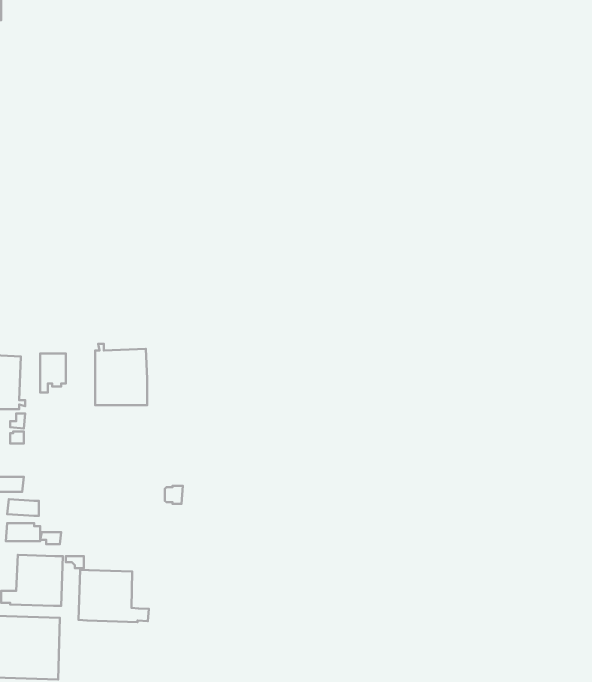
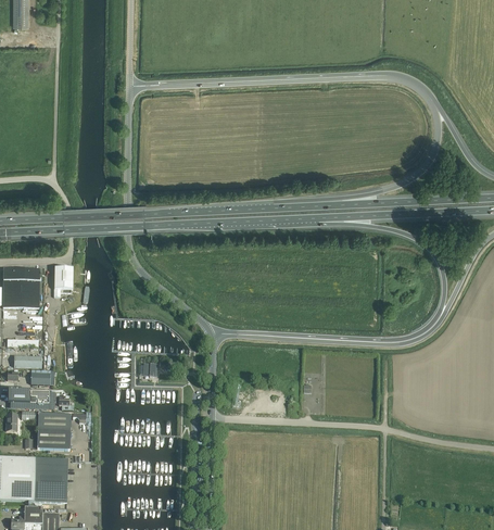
building: [95,344,147,405] -> none
building: [78,570,149,622] -> none

